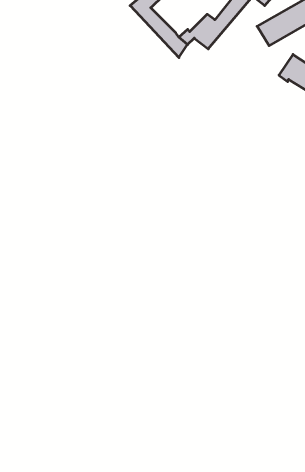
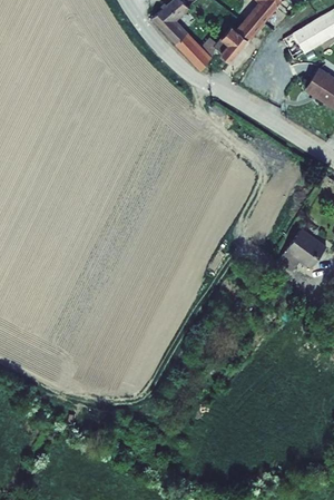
building: none -> [277,228,326,273]

